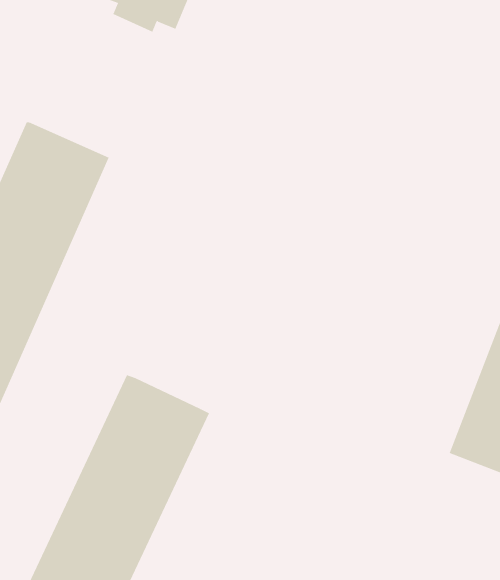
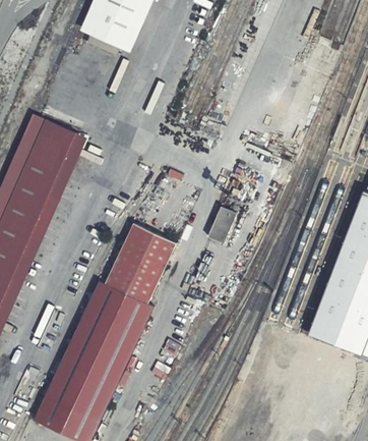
building: none -> [207,208,236,244]
building: none -> [104,224,175,305]

